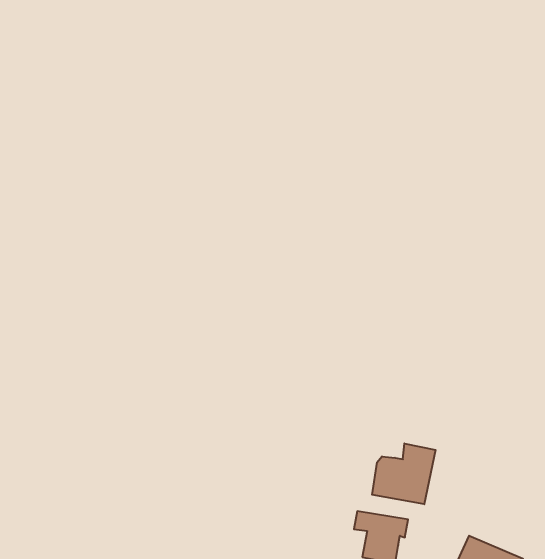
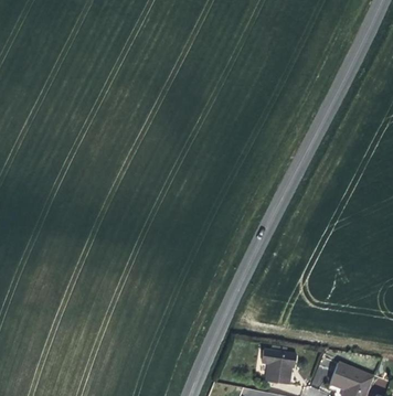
building: [372,443,436,504] -> none

